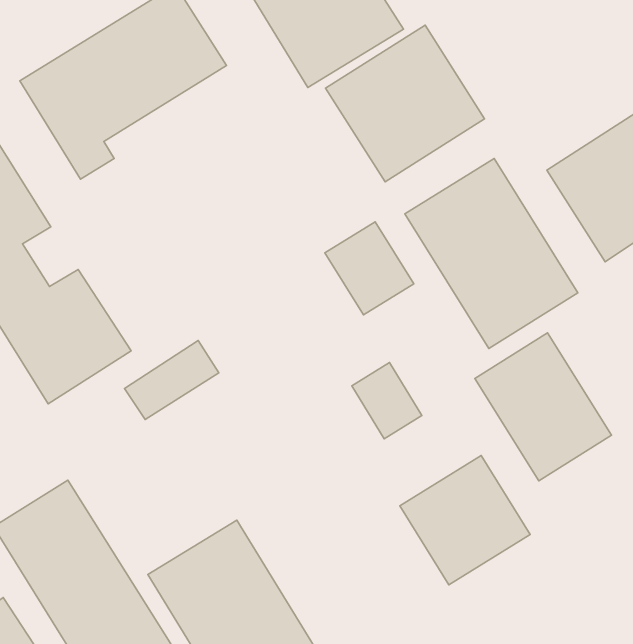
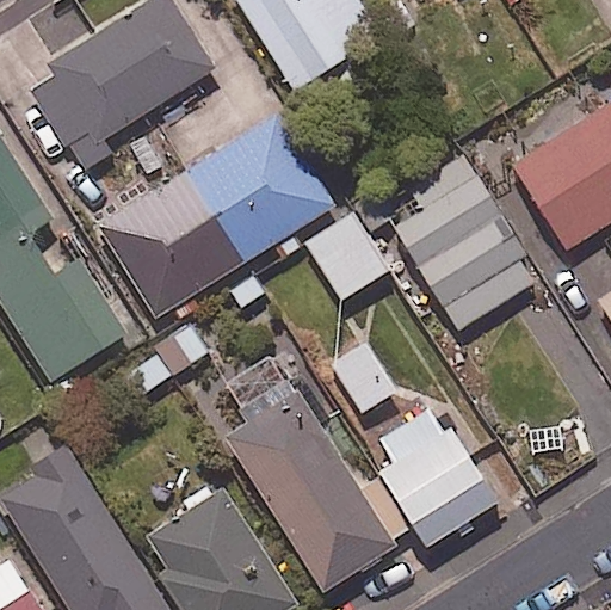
building: [325,25,485,182] -> none
building: none -> [99,115,333,316]
building: [475,333,611,481] -> none
building: none -> [226,392,395,589]

